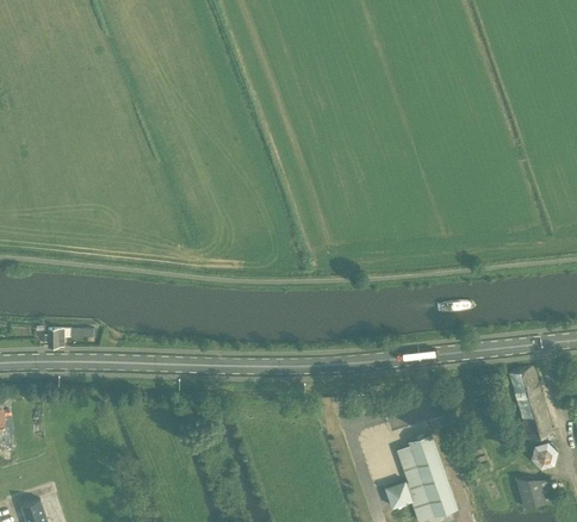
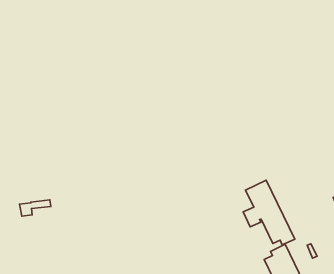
building: none -> [243,180,295,245]

